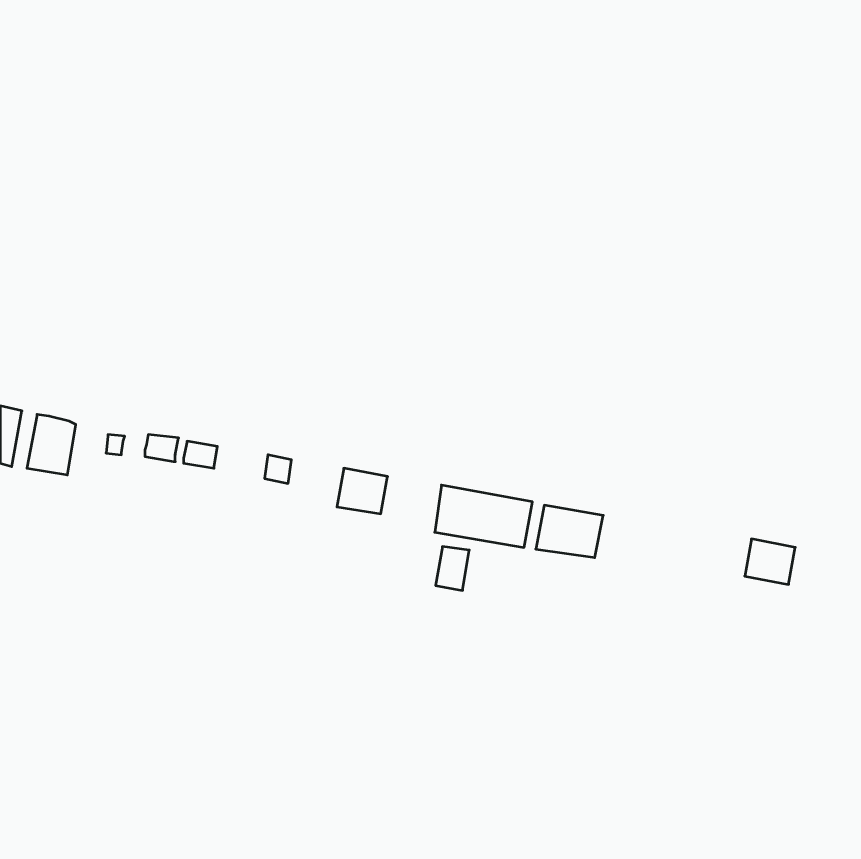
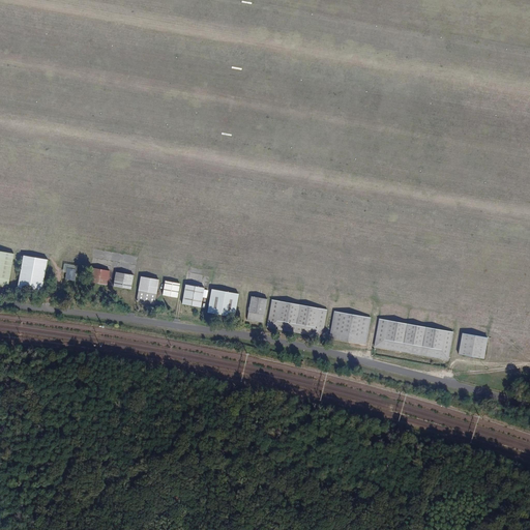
building: none -> [137,275,158,303]
building: none -> [182,284,204,306]
building: none -> [374,318,453,358]
building: [436,547,469,590] -> [246,295,267,322]

